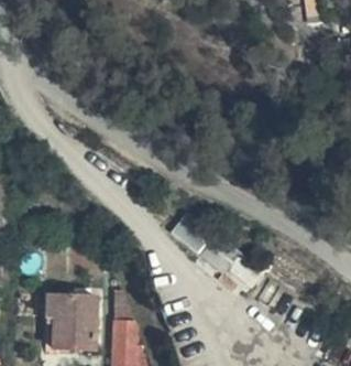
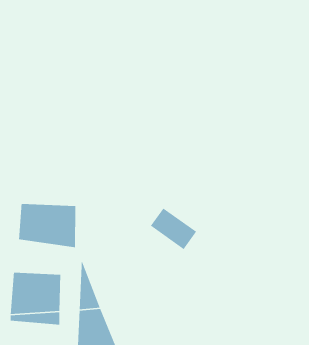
building: none -> [18,203,76,248]

